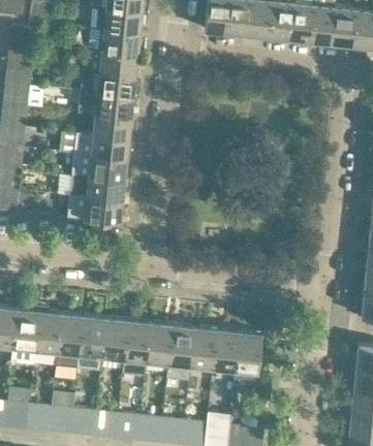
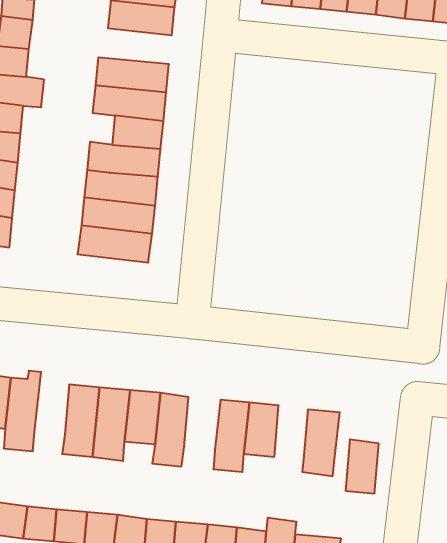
building: [83,47,137,75] -> none
building: [35,305,61,351] -> none
building: [147,323,174,362] -> none
building: [214,329,239,370] -> [346,439,379,493]

